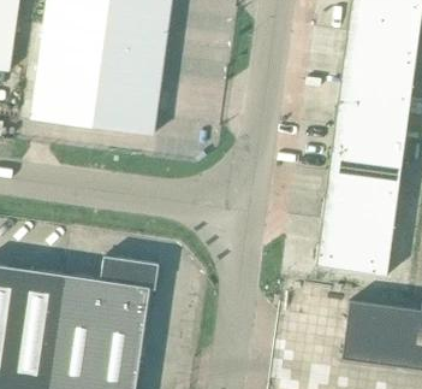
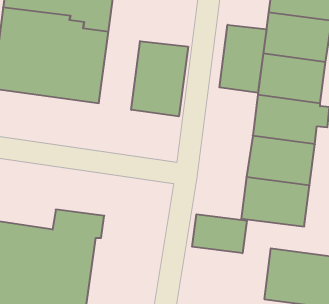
building: none -> [219,25,266,93]
building: none -> [131,41,188,116]
building: none -> [192,214,247,253]

